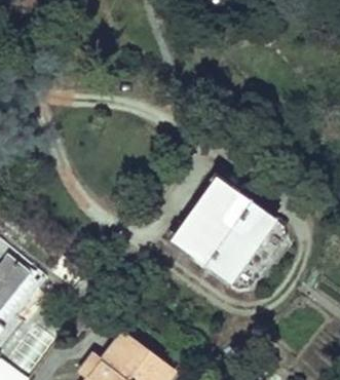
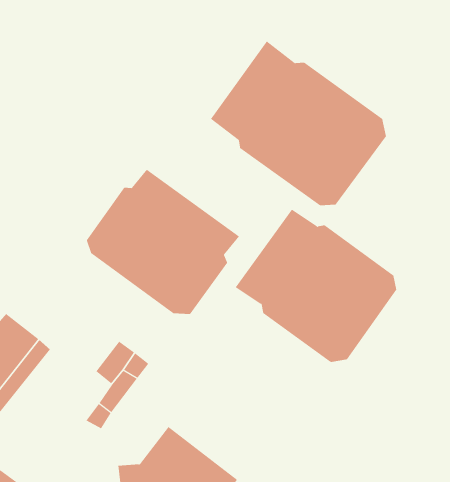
building: none -> [210,41,387,206]
building: none -> [86,169,240,315]

